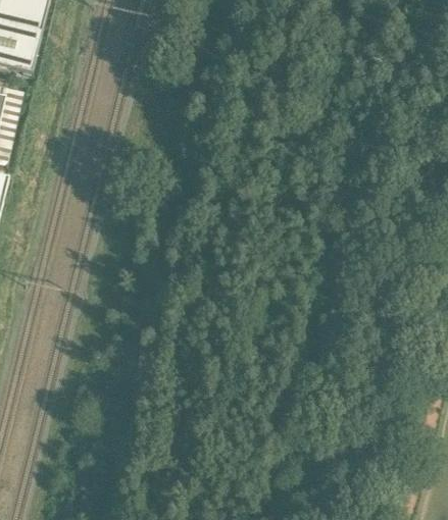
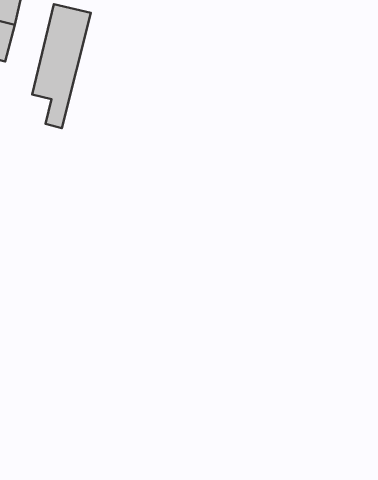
building: none -> [32,4,91,128]

